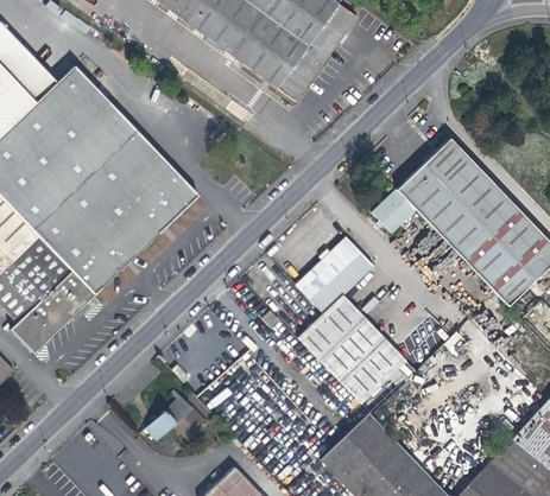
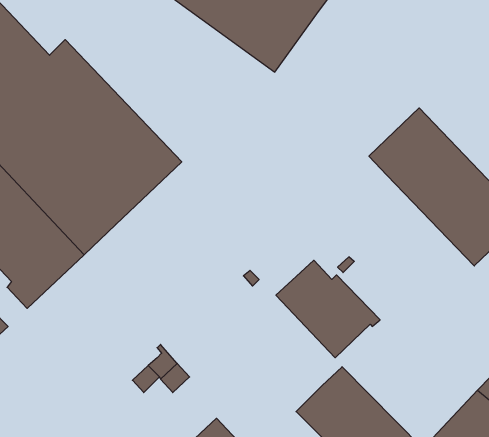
building: [374,190,416,231] -> none
building: [298,237,374,313] -> none

